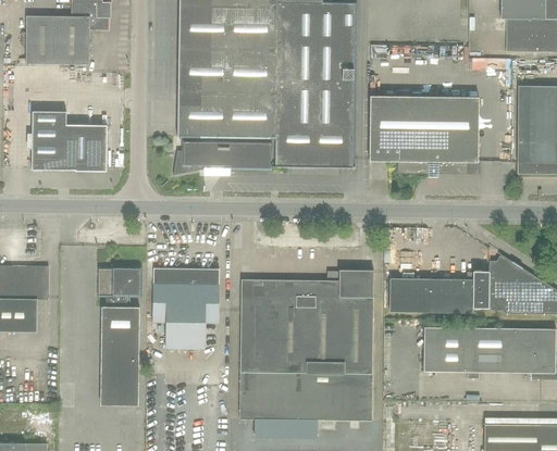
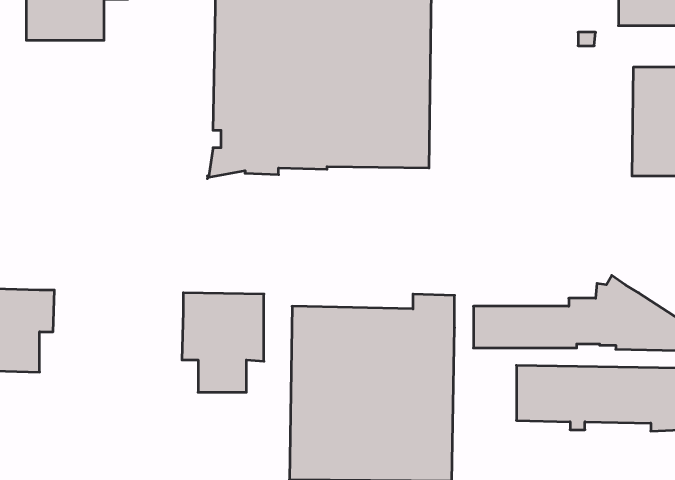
building: [369,95,479,176] -> none
building: [32,111,107,171] -> none
building: [99,267,140,405] -> none

